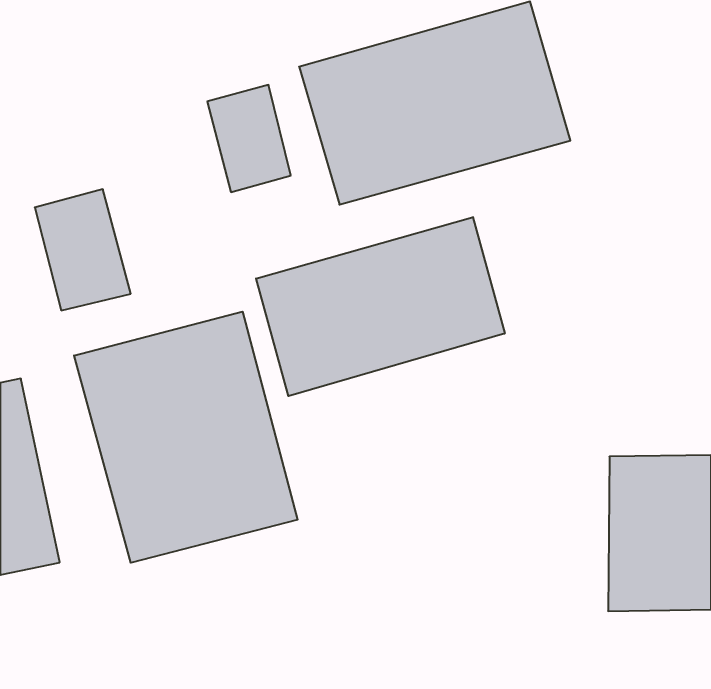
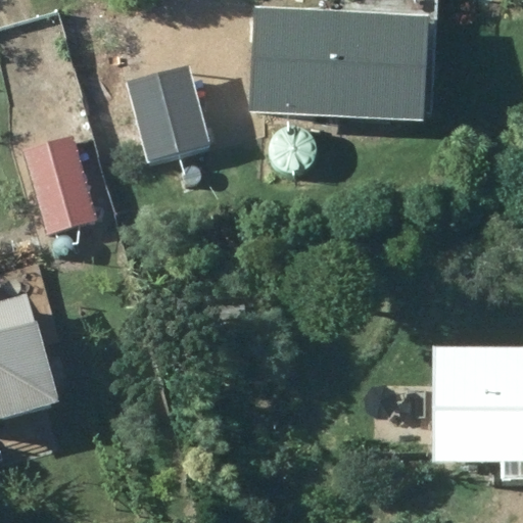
building: [256,217,505,396] -> none
building: [74,312,298,563] -> none

